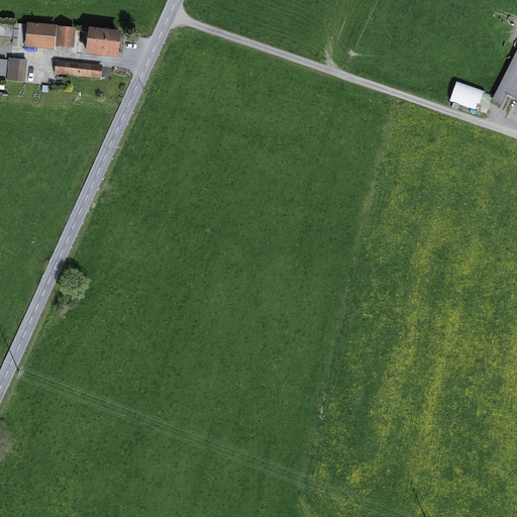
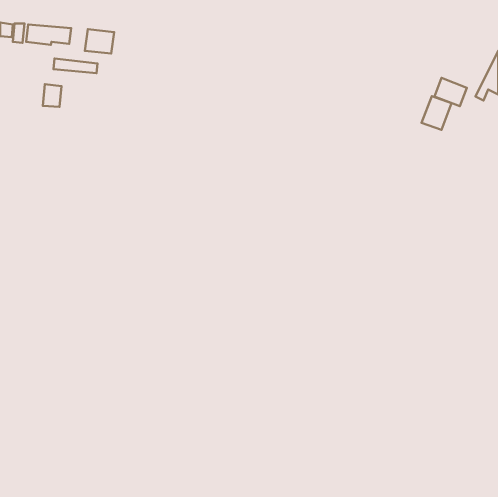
building: [7,58,26,81] -> [43,84,61,107]
building: none -> [422,96,452,130]

